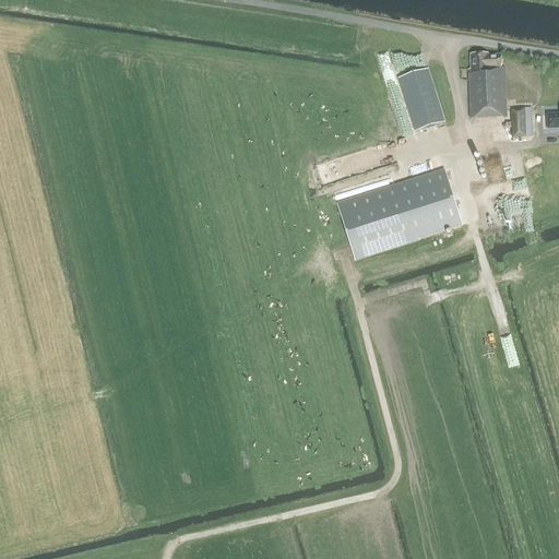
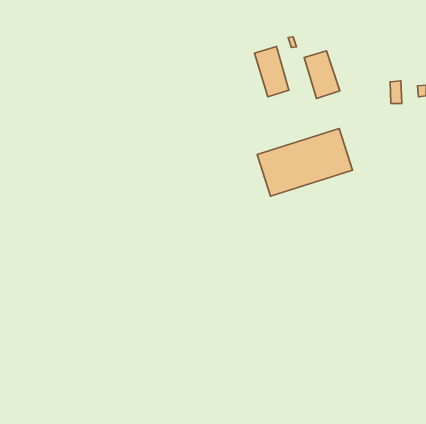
building: [467,51,506,117] -> none
building: none -> [254,47,289,97]

